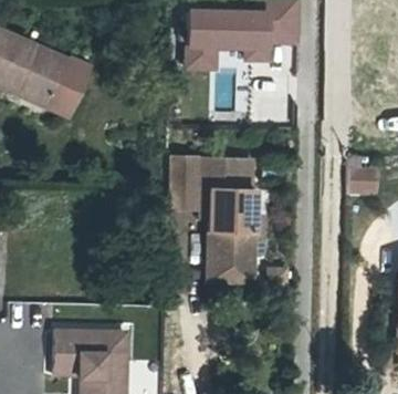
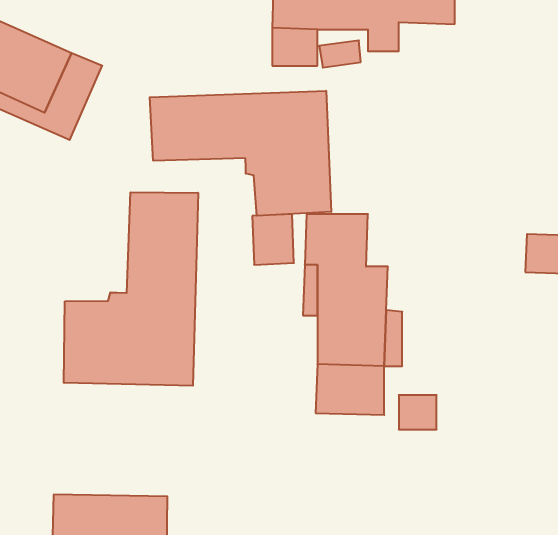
building: none -> [150,91,331,216]
building: none -> [64,192,198,386]

